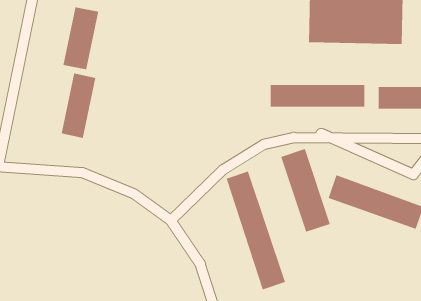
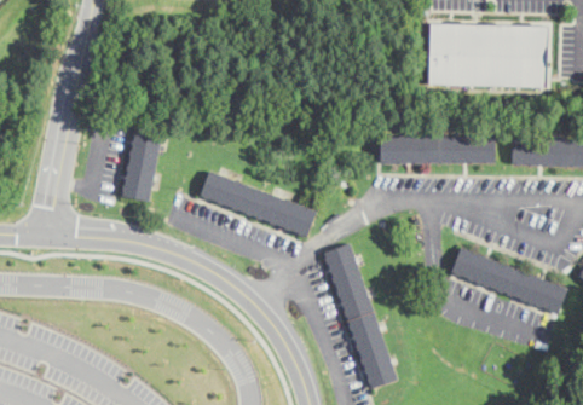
building: [63,7,99,70] -> none
building: none -> [200,169,318,241]
building: [280,148,330,233] -> none

